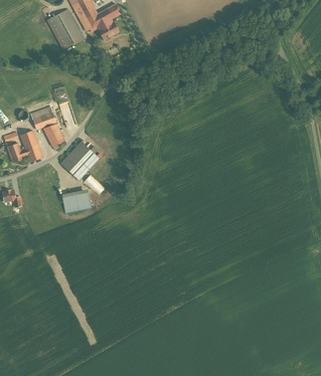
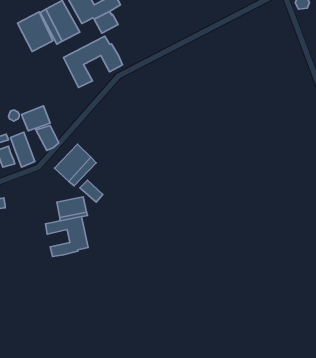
building: none -> [17,12,53,51]
building: none -> [63,36,123,88]
building: none -> [46,217,88,257]

